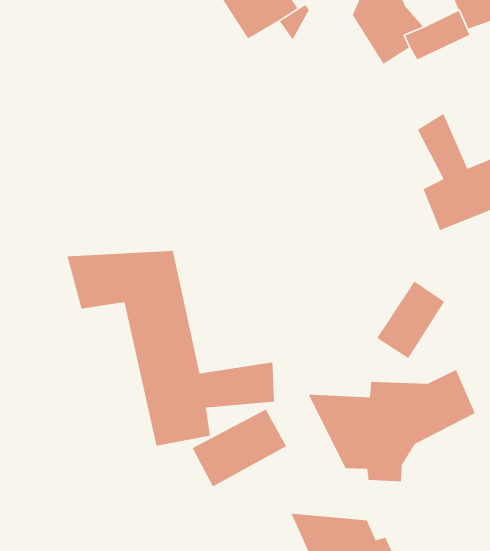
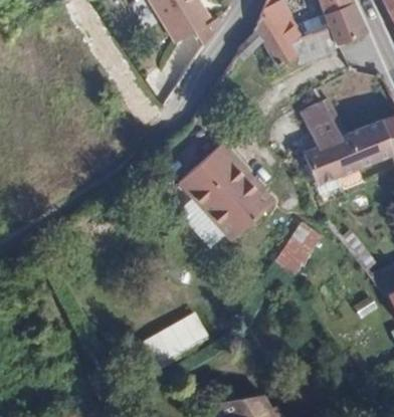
building: none -> [183,151,269,239]
building: [66,250,275,446] -> none
building: [307,369,476,482] -> none

